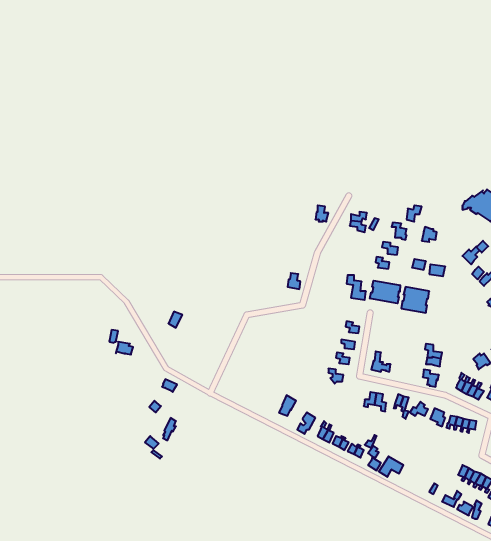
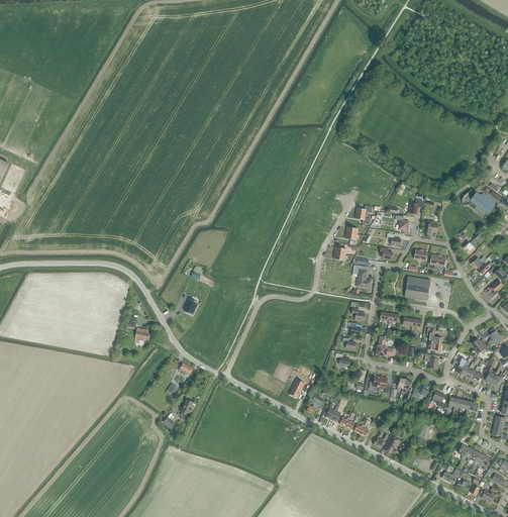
building: [370,281,400,303] -> none

